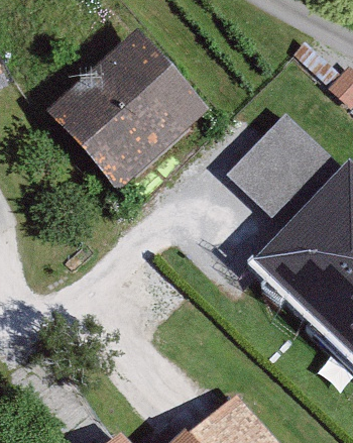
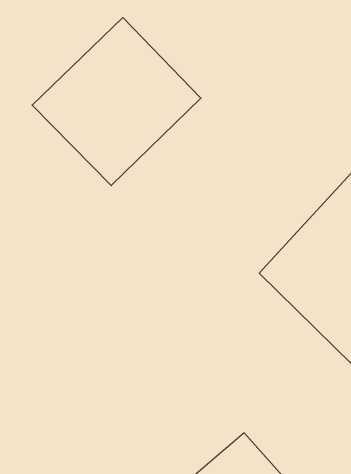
building: [226,113,321,209] -> none

